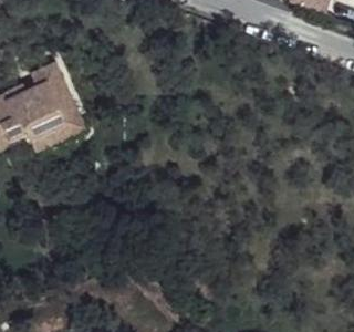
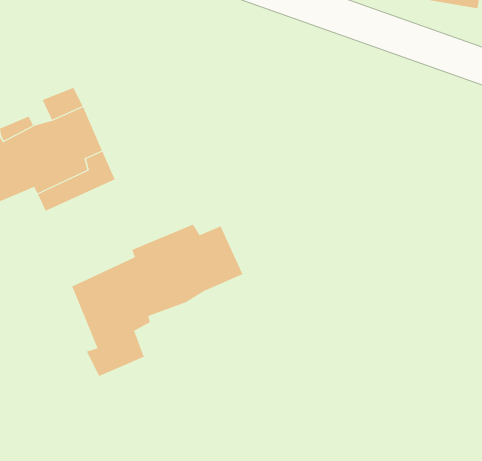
building: none -> [71,224,243,377]

